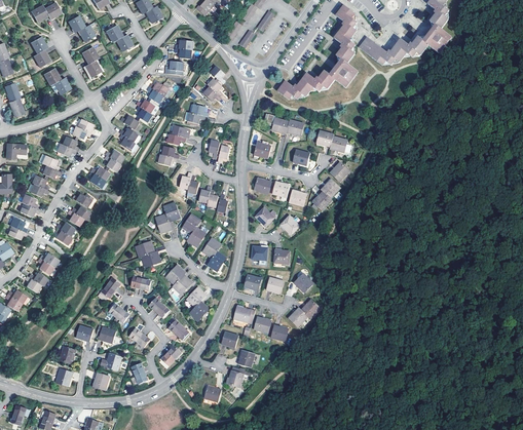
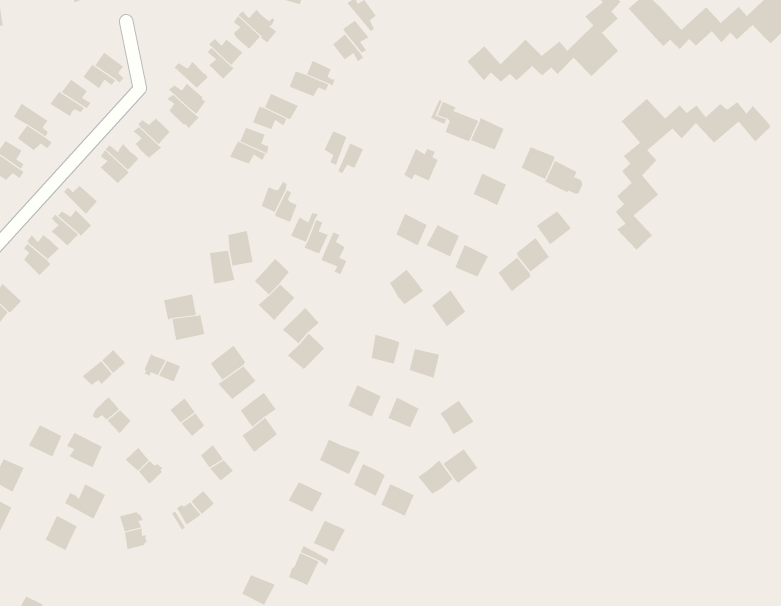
building: none -> [615,98,771,251]

